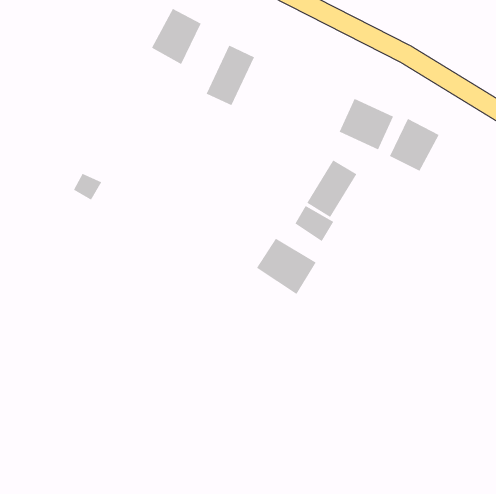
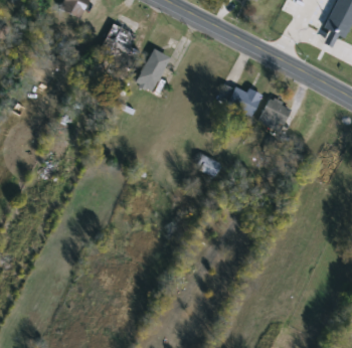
building: [306,159,357,218] -> none
building: [256,238,317,295] -> none

